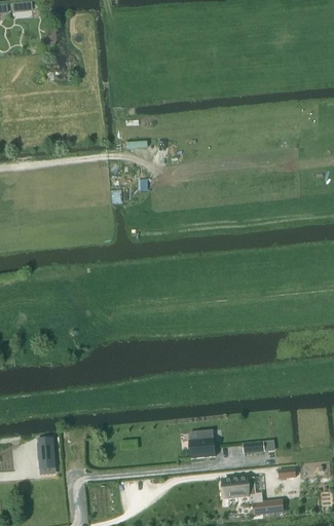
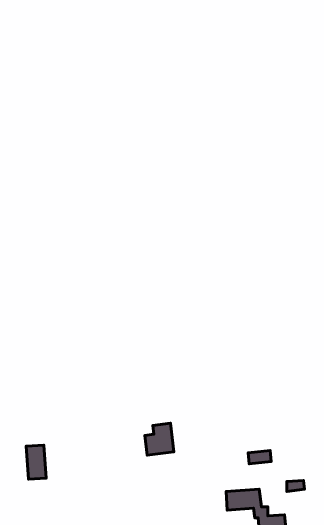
building: [189,427,216,457] -> [145,423,174,455]

